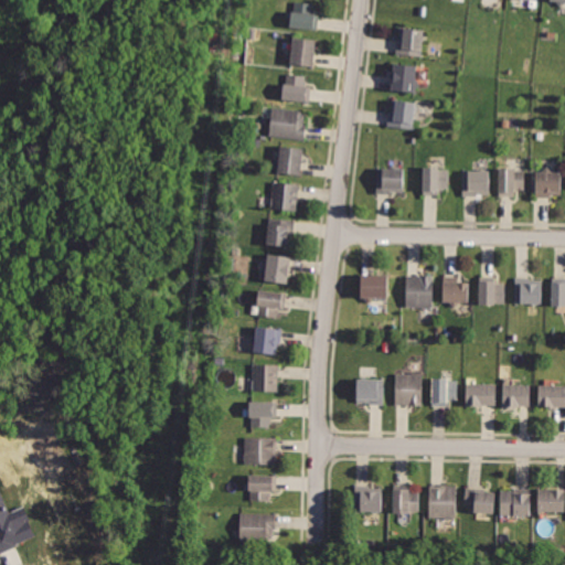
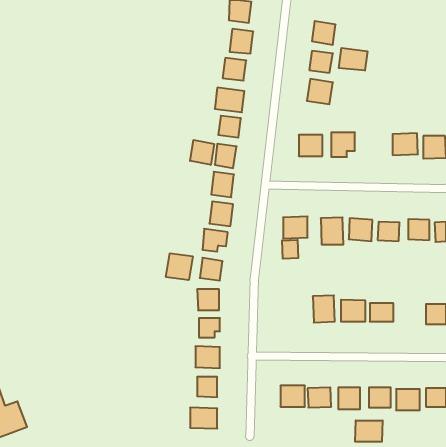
building: none -> [339,48,367,71]
building: [460,169,488,200] -> none
building: none -> [190,140,214,165]
building: none -> [282,240,298,259]
building: none -> [166,253,193,280]
building: [355,381,384,405] -> none
building: [502,383,530,409] -> none
building: none -> [355,420,383,442]

